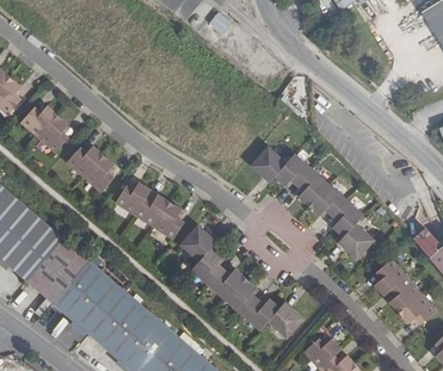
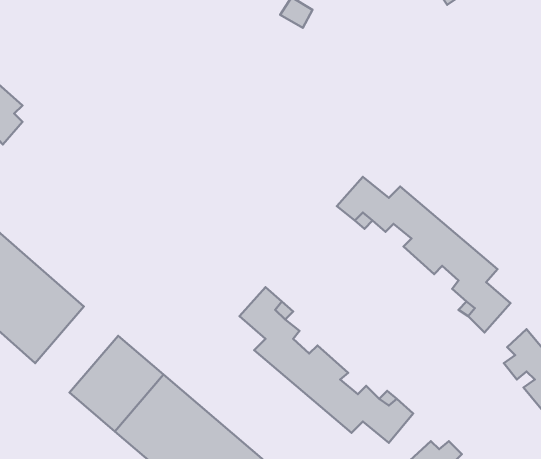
building: [20,105,70,154] -> none
building: [66,146,116,193] -> none
building: [113,181,185,240] -> none
building: [27,240,88,303] -> none

